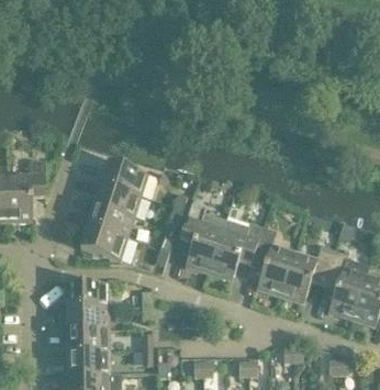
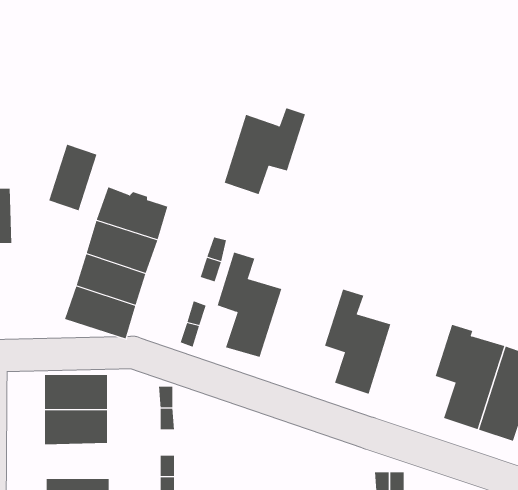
building: none -> [48,144,97,211]
building: [208,222,261,279] -> [224,107,306,195]
building: [279,245,333,302] -> none
building: [66,327,109,350] -> none

